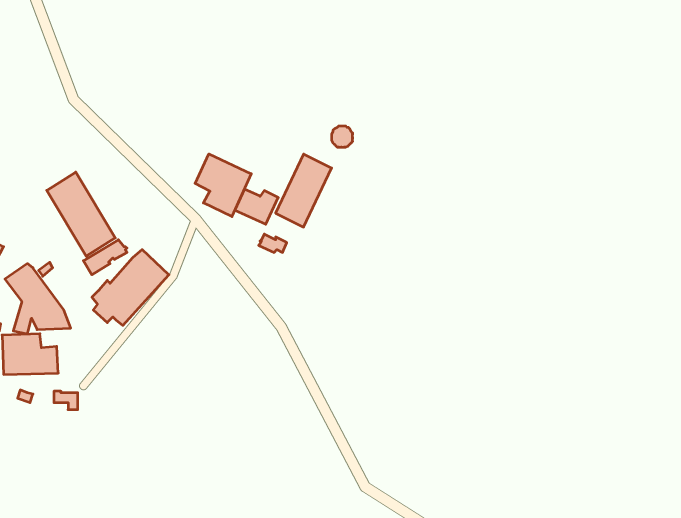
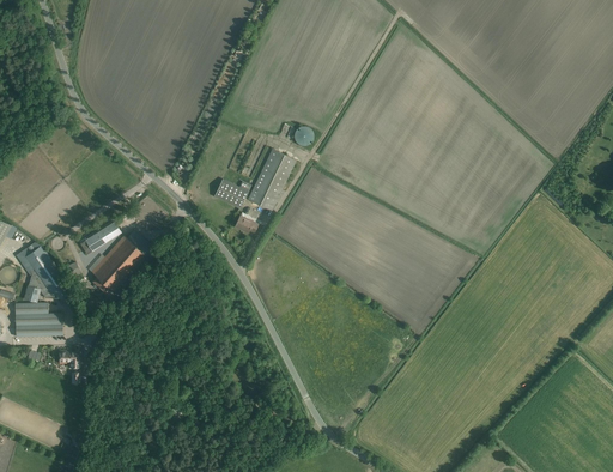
building: [195,154,251,217] -> none
building: [47,172,115,256] -> none

